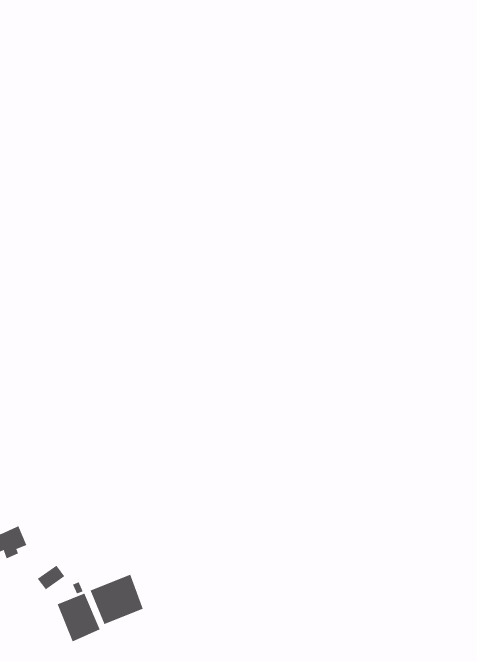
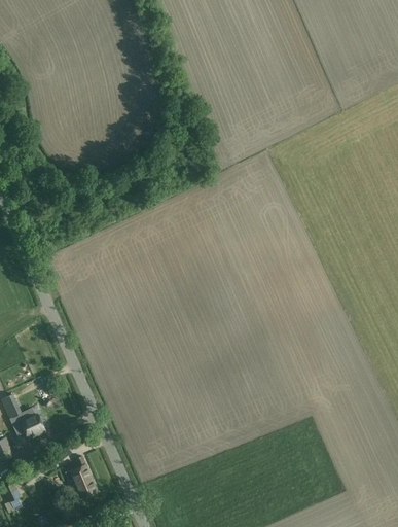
building: [90,574,144,625] -> none

